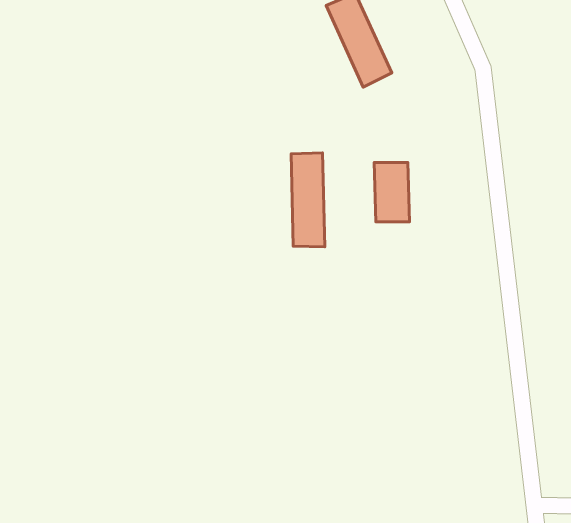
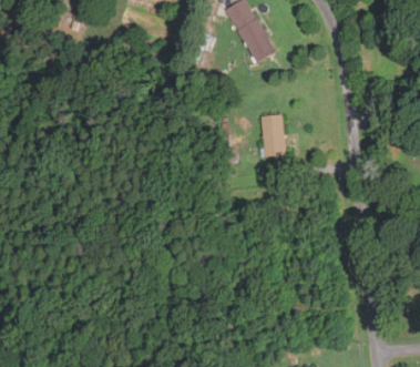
building: [291,153,325,247] -> none

